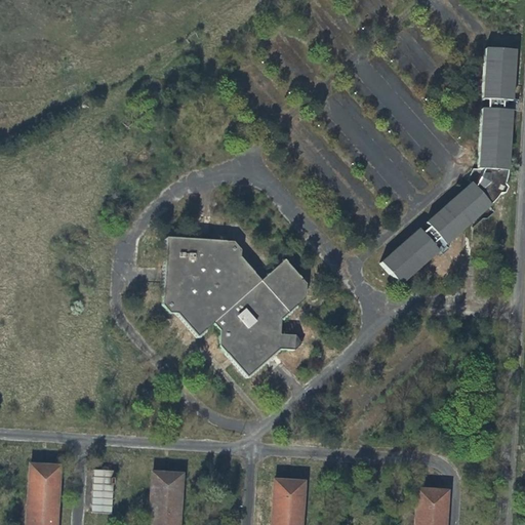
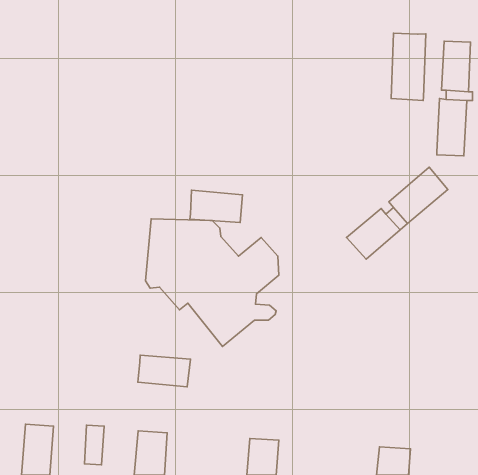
building: none -> [391,33,426,100]
building: [469,166,509,207] -> none
building: none -> [190,190,243,223]
building: none -> [138,355,191,387]

